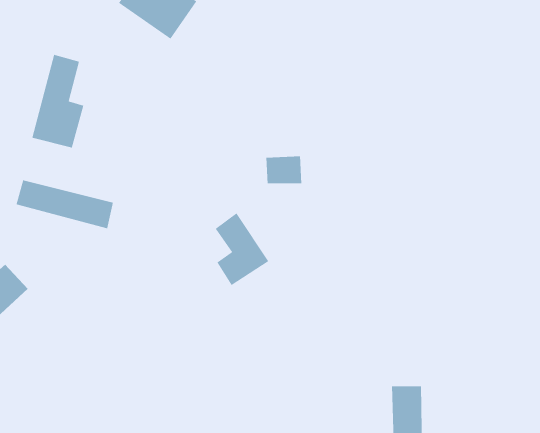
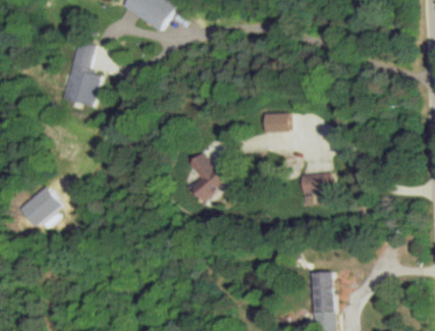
building: [266,156,302,184] -> [266,112,291,131]
building: [16,180,113,229] -> none
building: none -> [302,172,332,204]

